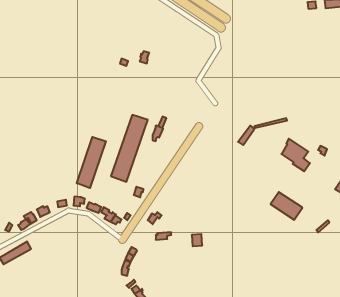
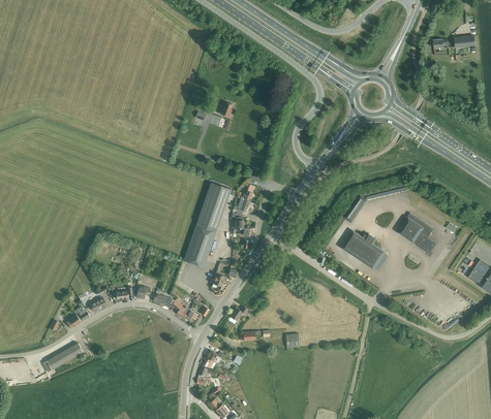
building: [77,137,106,188] -> none
building: [271,192,302,220] -> [342,232,382,267]

